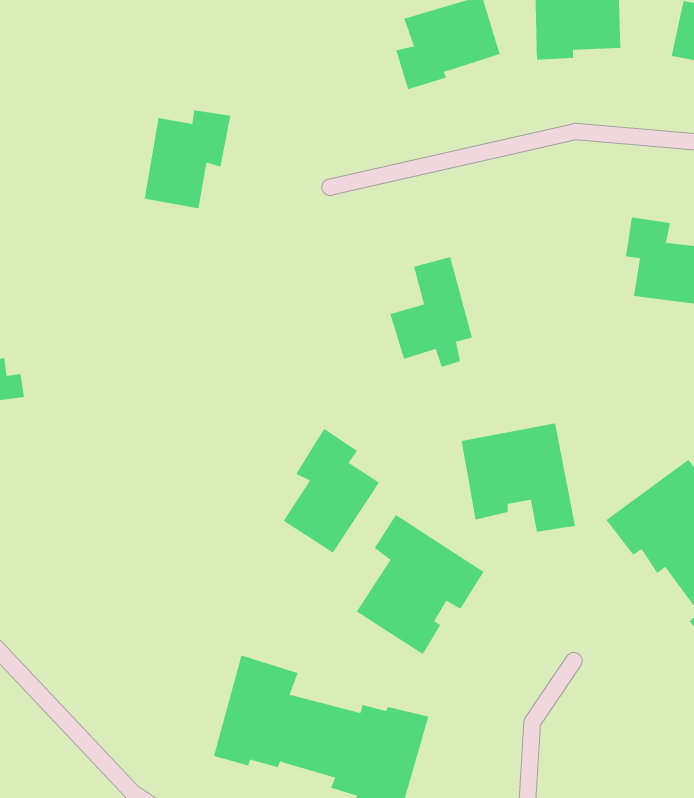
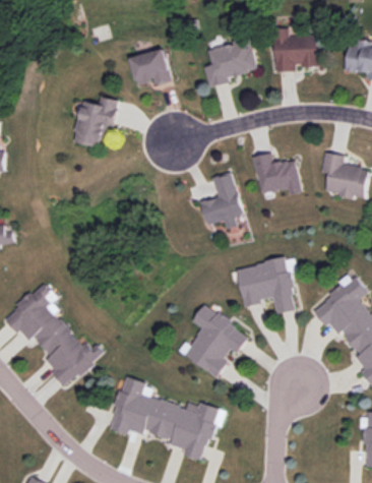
building: none -> [131,50,172,84]
building: none -> [253,153,301,194]
building: [283,428,380,553] -> none
building: none -> [5,283,104,386]

